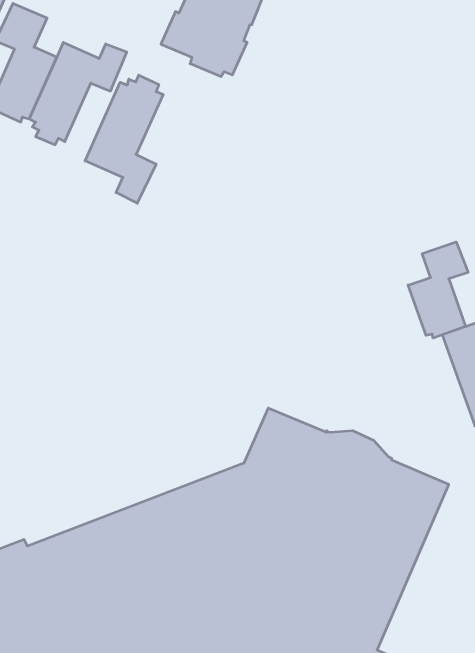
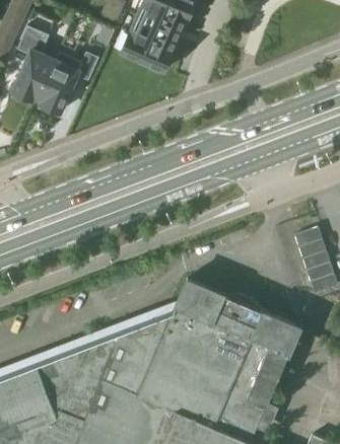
building: [85,75,163,203] -> none
building: [408,242,468,338] -> none

